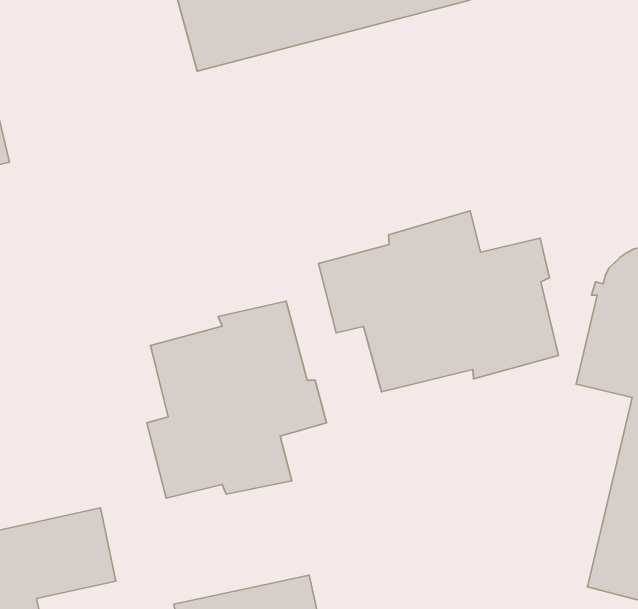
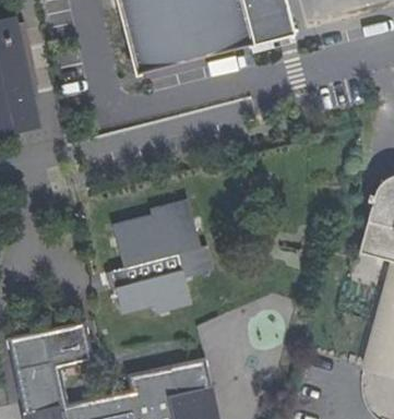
building: [318,211,558,392] -> none

